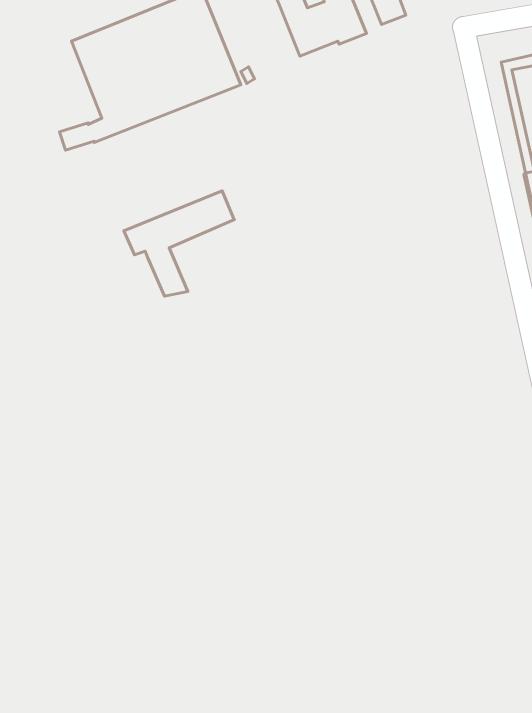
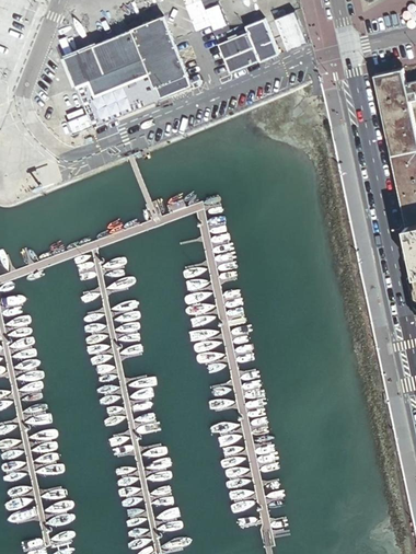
building: [124,191,234,296] -> none

